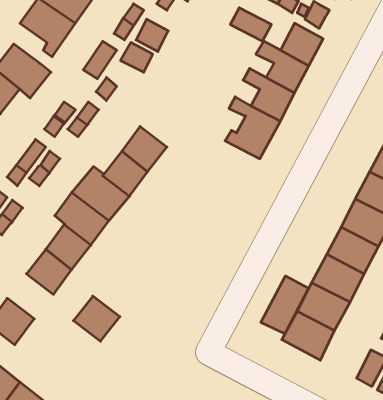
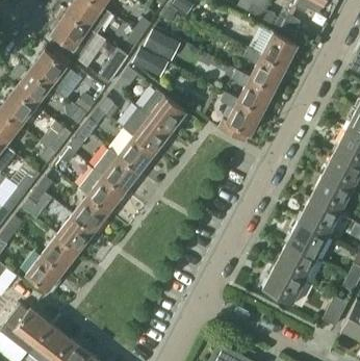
building: none -> [140,89,185,133]
building: [261,276,309,334] -> none
building: [73,296,120,341] -> [41,235,78,272]

